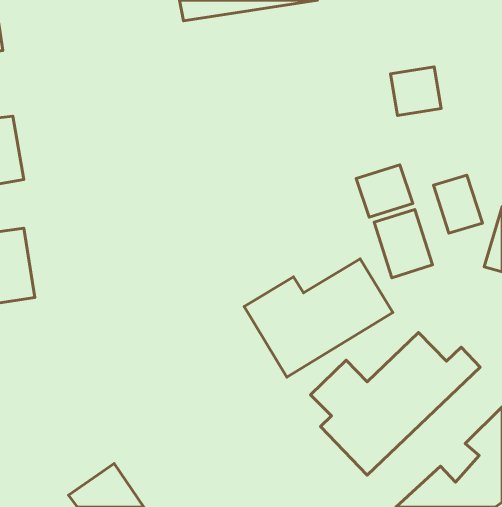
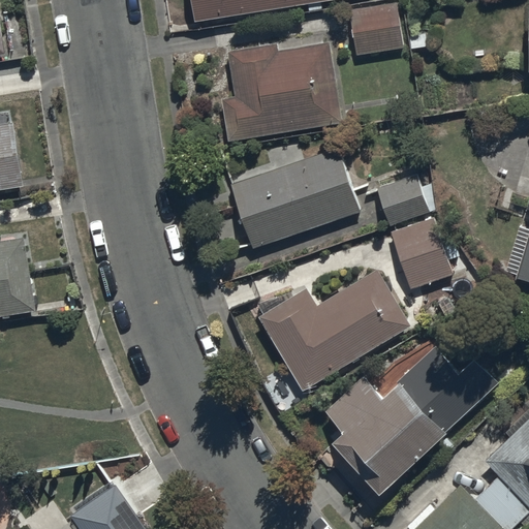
building: none -> [219,35,343,143]
building: [390,67,441,116] -> [348,5,401,56]
building: none -> [228,148,360,249]
building: [433,175,482,233] -> none

